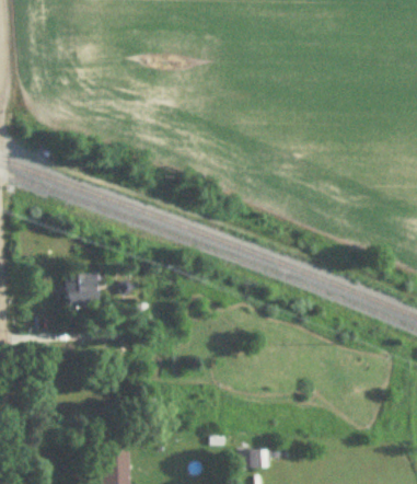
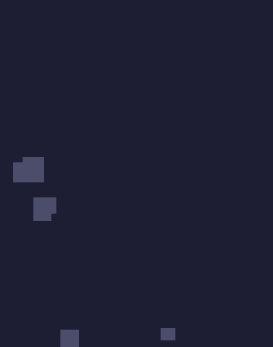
building: none -> [12,156,45,183]

